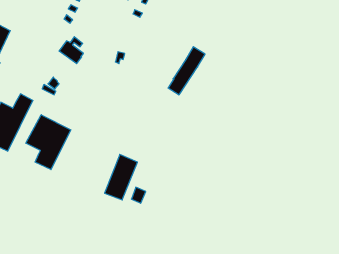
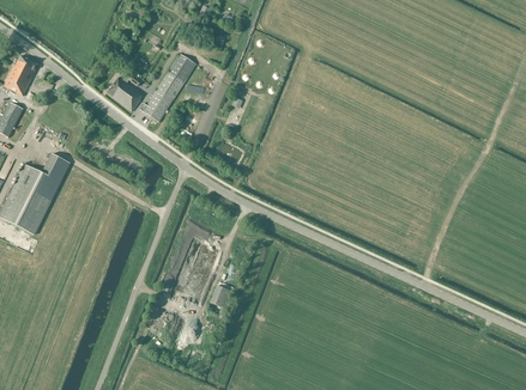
building: [168,47,205,95] -> [143,54,195,122]
building: [26,115,71,170] -> none

